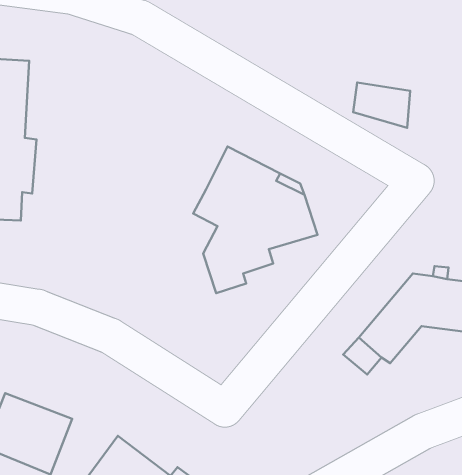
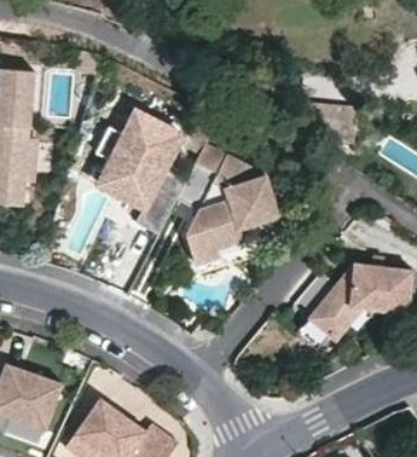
building: none -> [92,117,180,244]

